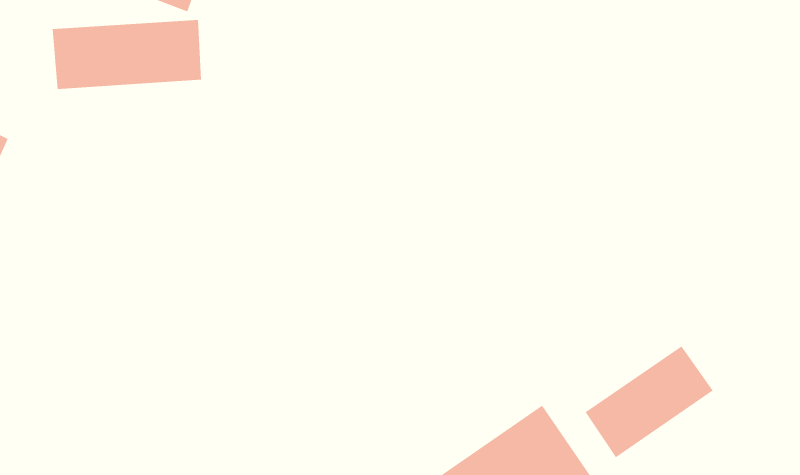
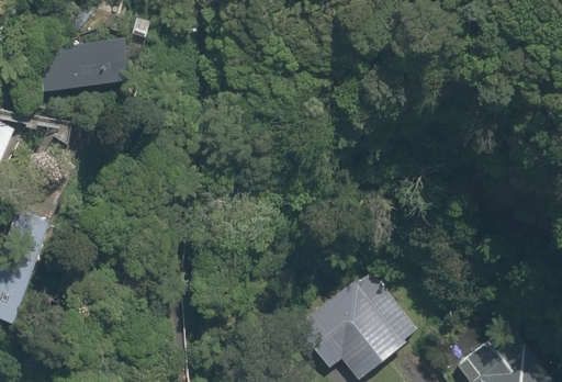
building: [585,345,714,458] -> none

